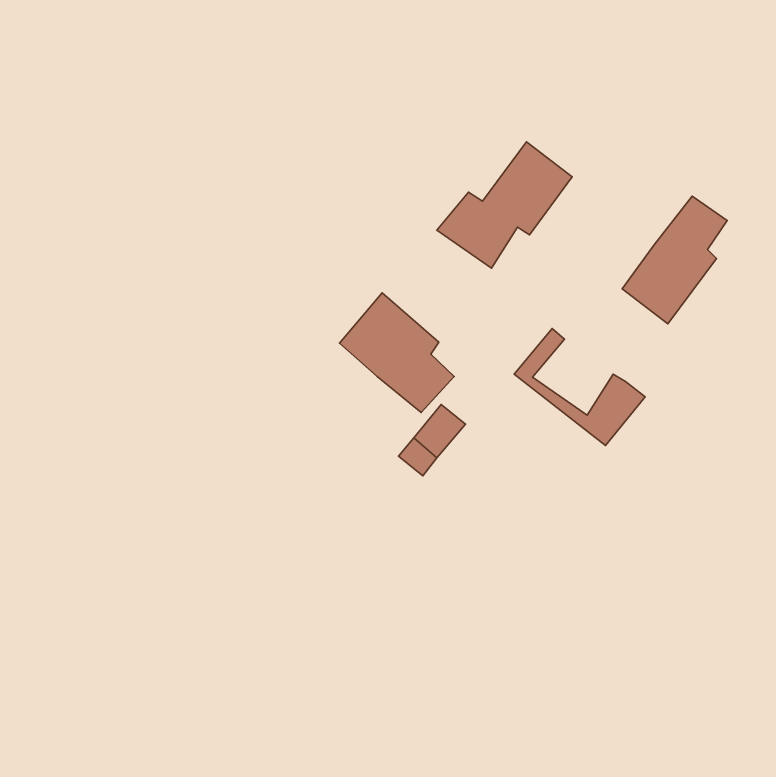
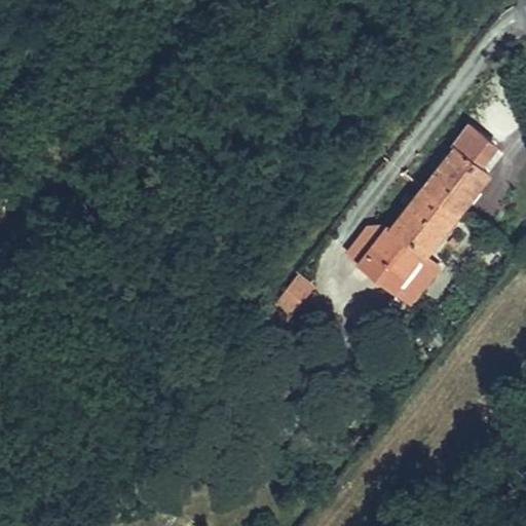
building: [437,142,572,268] -> [360,195,451,280]
building: [340,293,454,413] -> none

